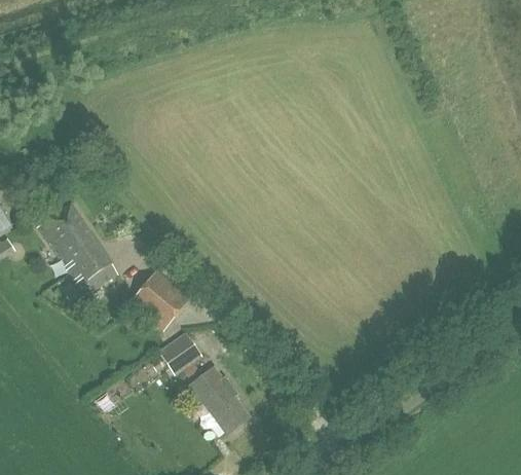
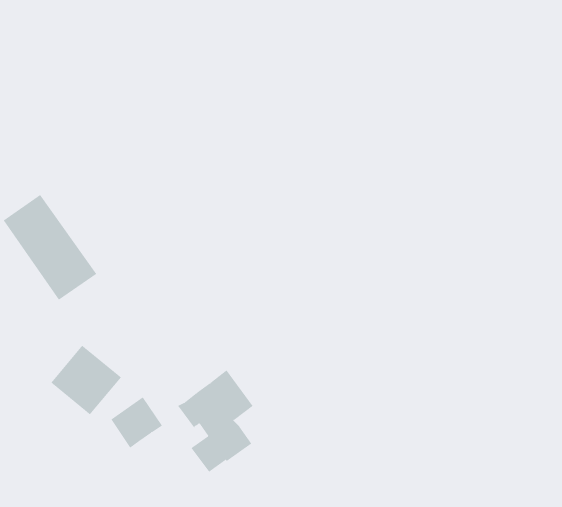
building: [129,270,190,330] -> [50,345,122,415]
building: [158,332,202,376] -> [111,396,163,449]

